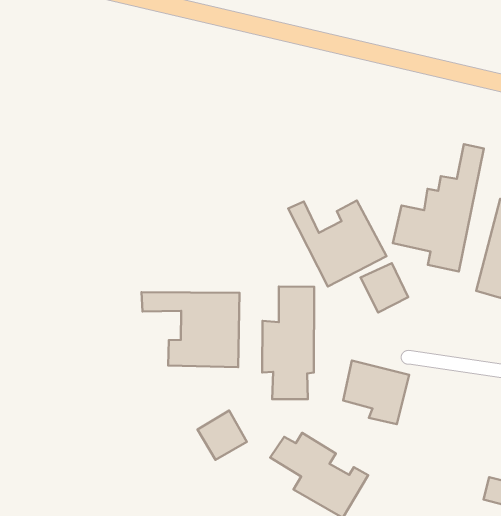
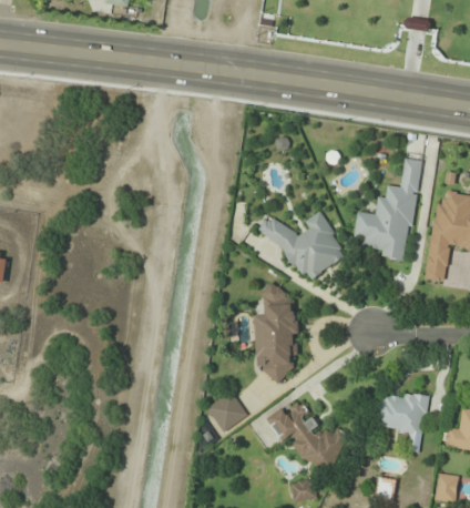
building: [360,263,408,312] -> none
building: [142,292,239,367] -> none
building: [343,361,409,424] -> [376,392,428,440]

